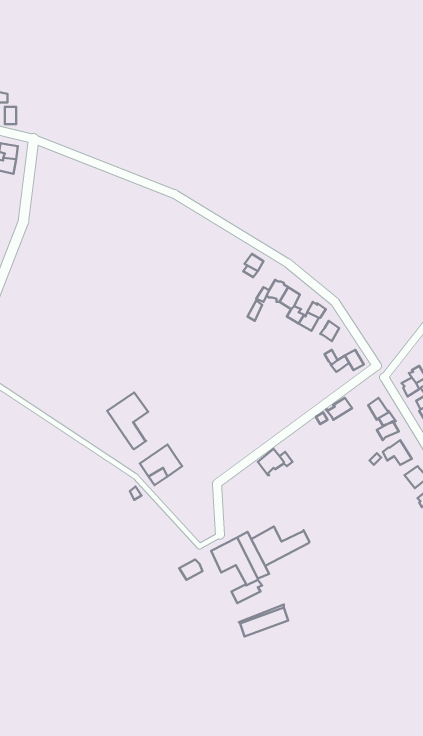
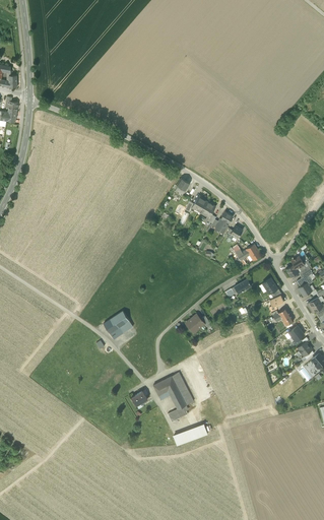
building: [107,392,148,449] -> none
building: [251,527,310,566] -> none

